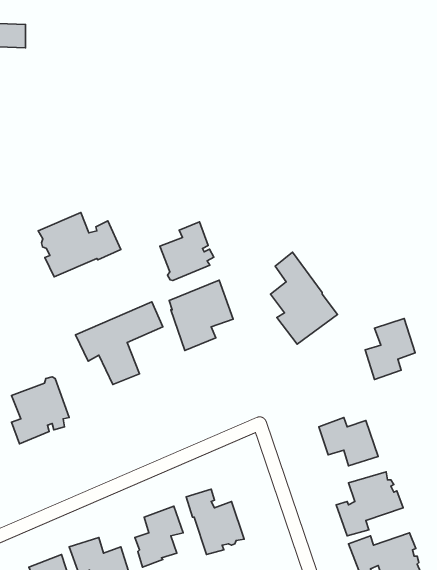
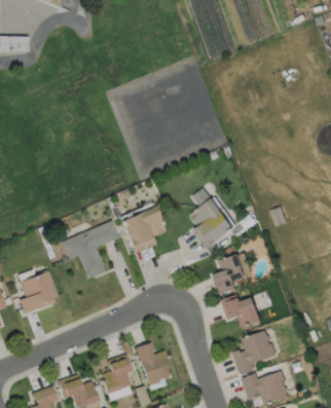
building: [38,212,121,277] -> none
building: [160,222,214,281] -> none
building: [365,319,415,379] -> [213,253,246,293]

